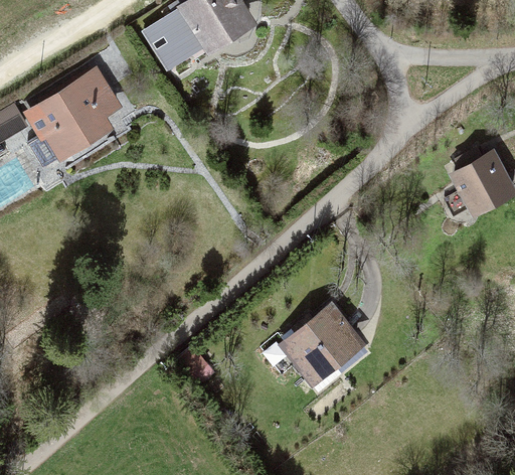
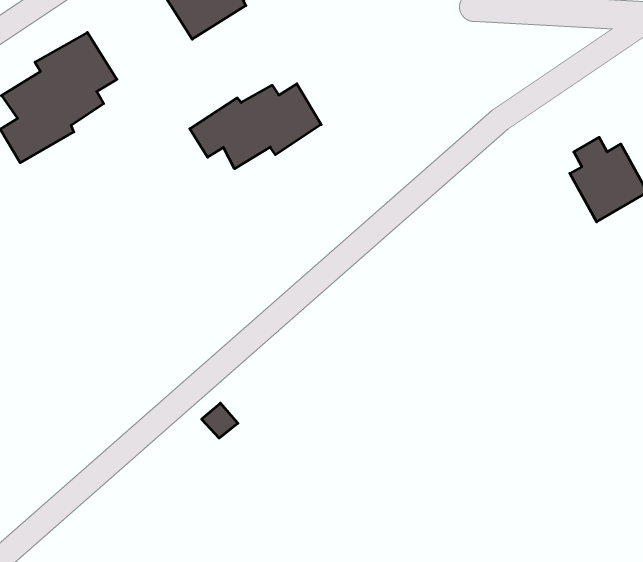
building: none -> [190,84,321,169]
building: [290,311,359,377] -> none

